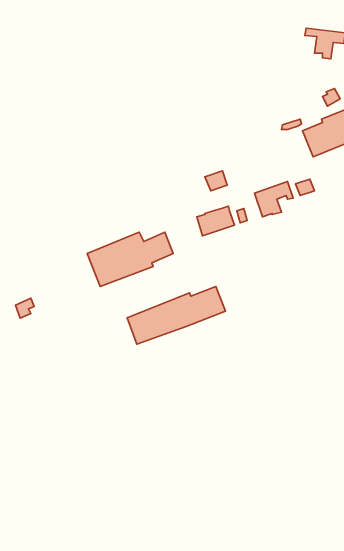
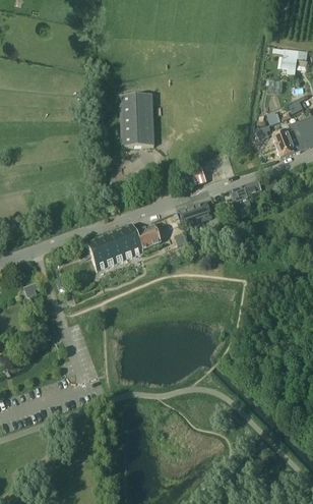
building: none -> [119,94,153,146]
building: [127,286,225,344] -> none

